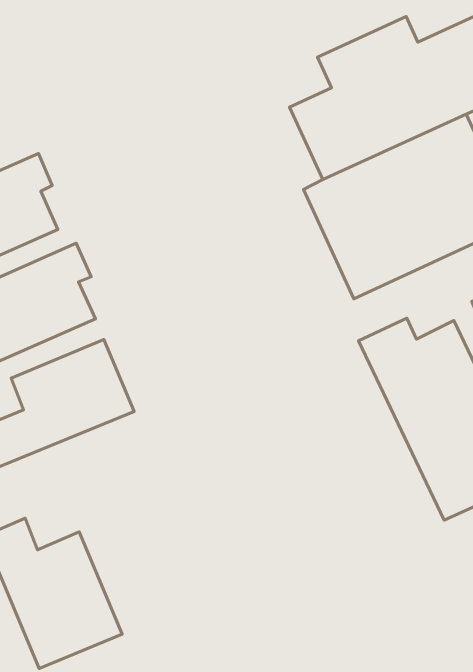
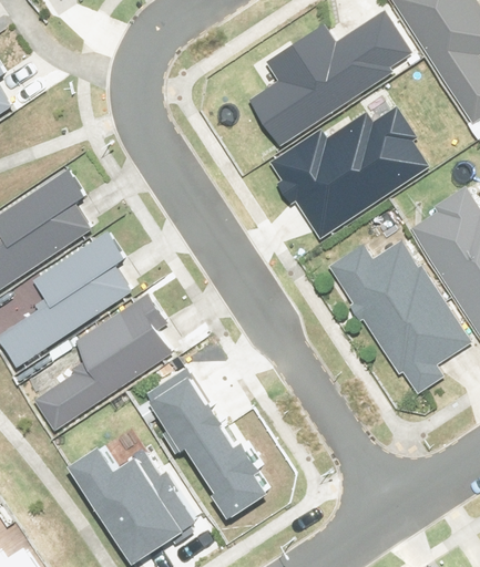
building: none -> [146,370,268,517]

